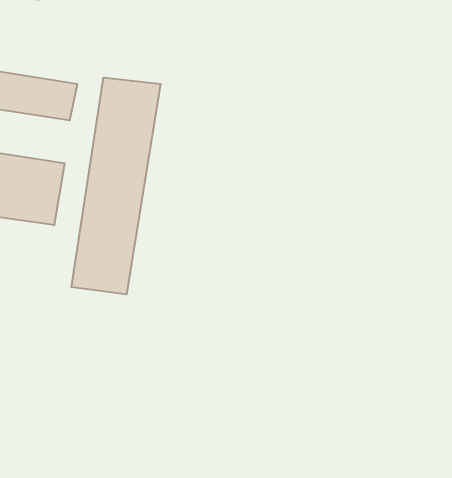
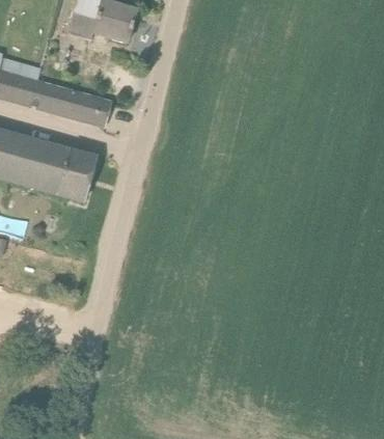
building: [71,78,160,294] -> none

